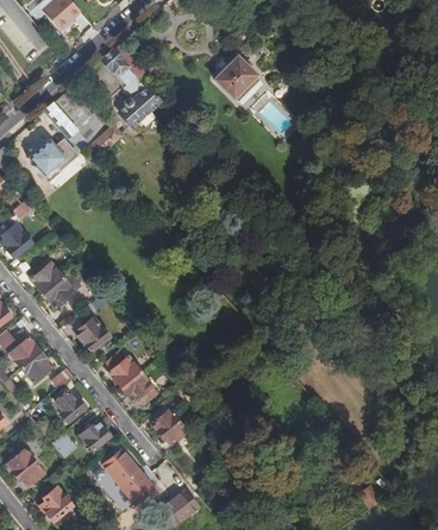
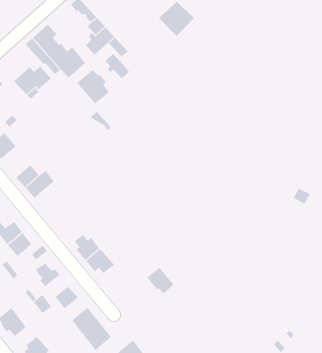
building: none -> [105,53,130,79]
building: none -> [76,69,110,104]
building: [77,316,110,352] -> none
building: [151,410,187,446] -> [147,267,174,295]

